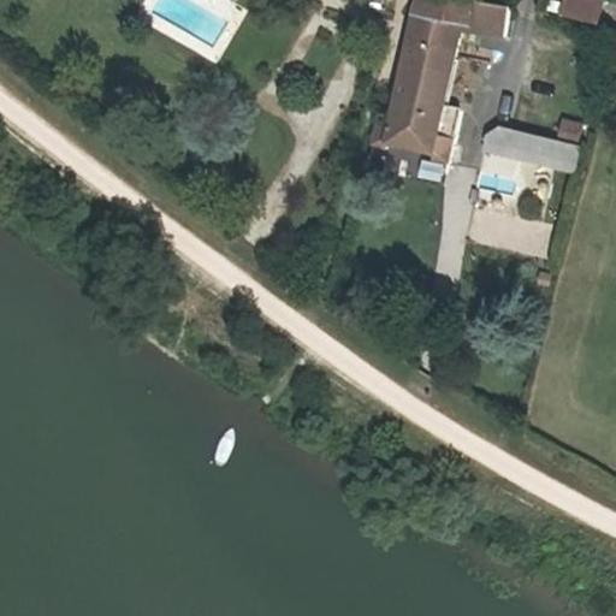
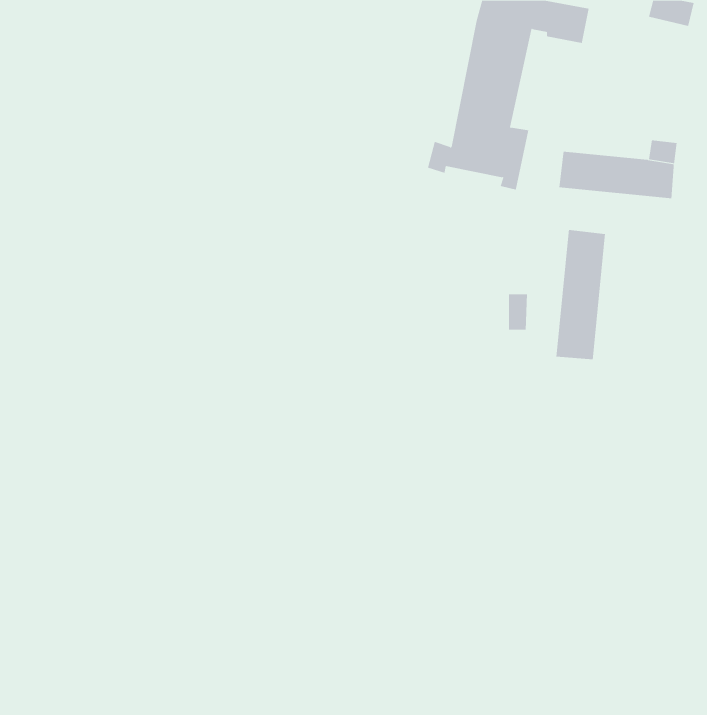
building: none -> [556,229,606,360]

